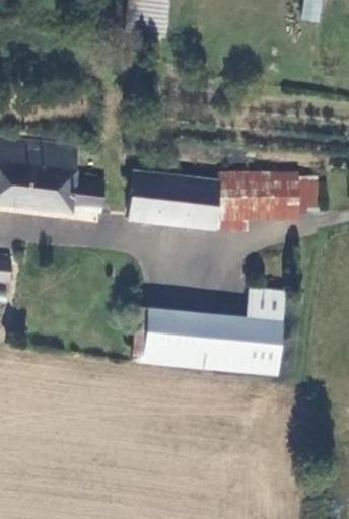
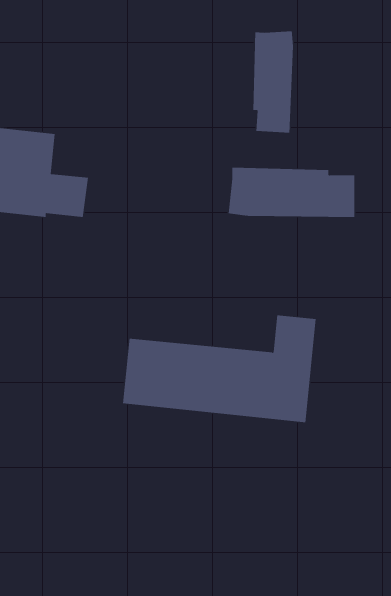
building: none -> [253,30,294,133]
building: [129,173,231,231] -> none

